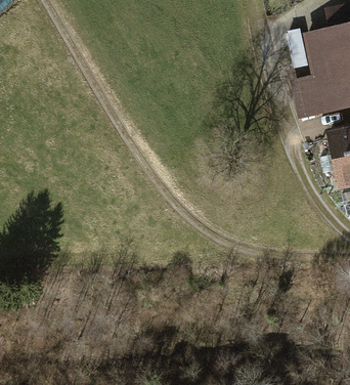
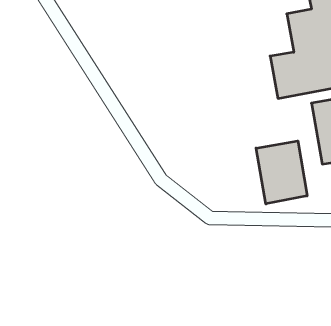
building: none -> [256,141,307,204]

